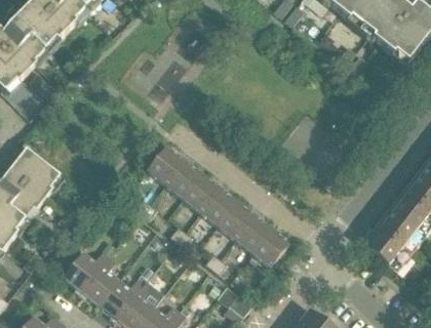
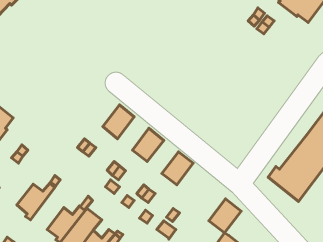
building: [146,144,184,182] -> none
building: [182,171,219,210] -> none
building: [217,199,253,238] -> none
building: [251,225,289,265] -> [209,199,241,233]
building: [79,254,118,303] -> none

